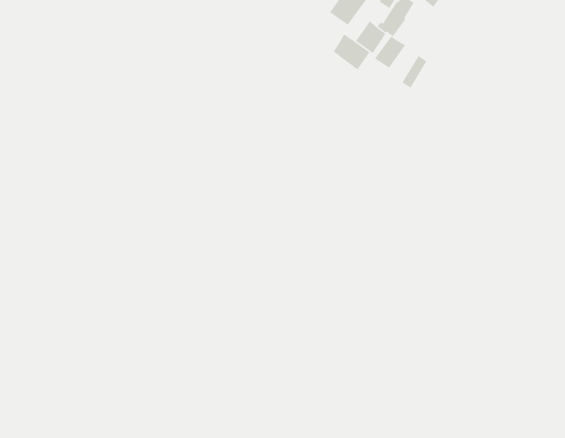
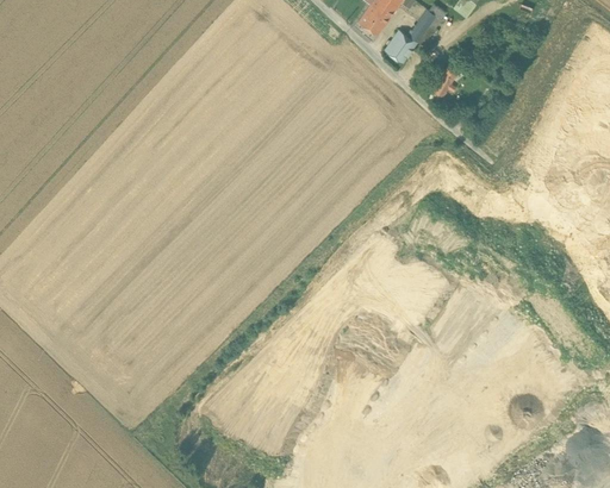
building: [333,33,370,71] -> none
building: [374,36,406,69] -> none

